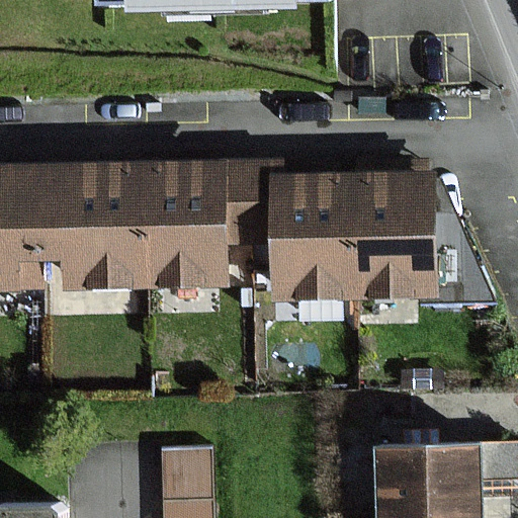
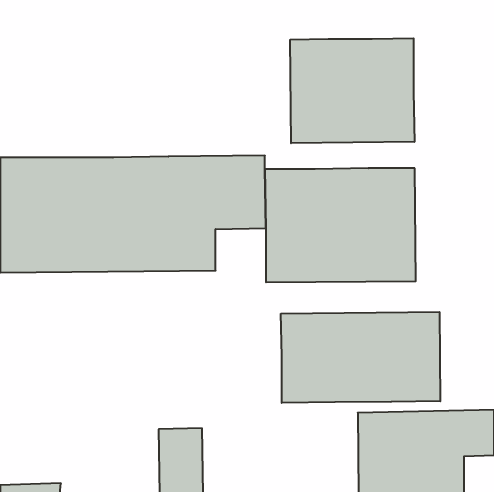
building: none -> [290,38,414,143]
building: none -> [281,312,440,403]

